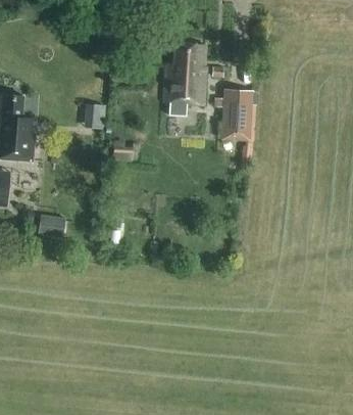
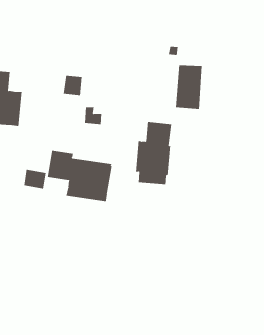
building: [161,43,205,119] -> [135,122,172,185]
building: none -> [47,150,112,202]

